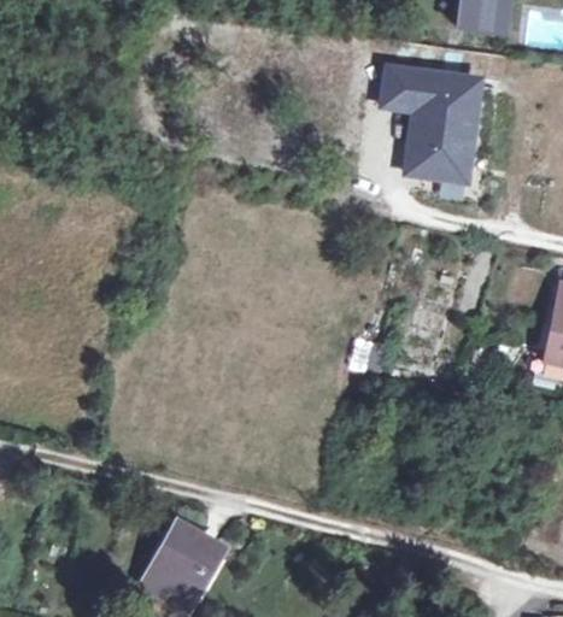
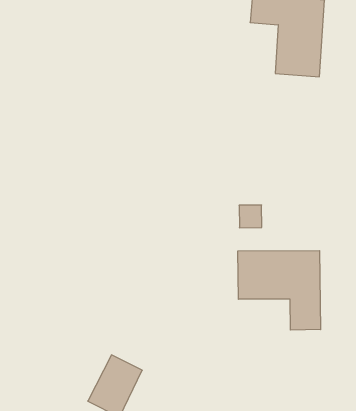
building: none -> [238,251,321,330]

